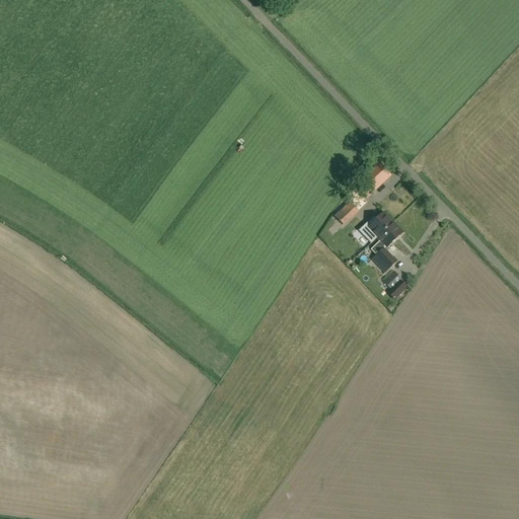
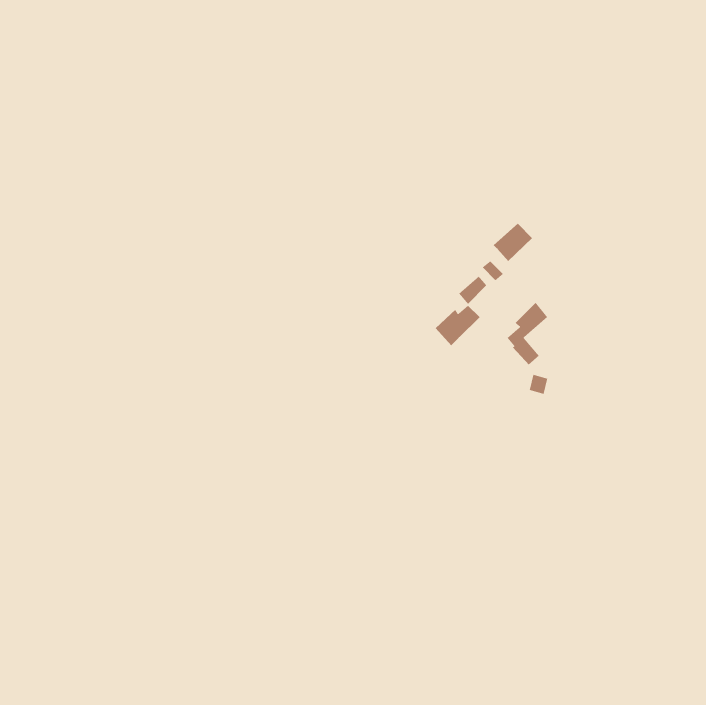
building: [360,212,393,242] -> [435,305,480,346]

